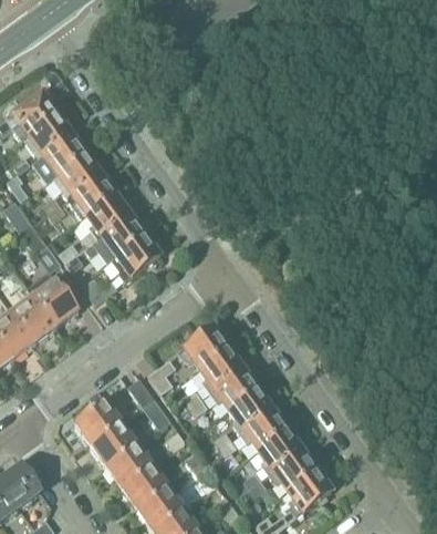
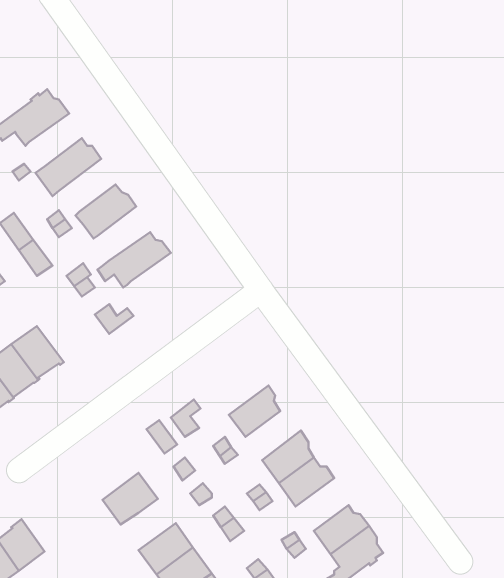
building: [27,113,73,158] -> none
building: [53,152,102,201] -> none
building: [81,193,132,247] -> none
building: [112,233,162,283] -> none
building: [28,269,80,327] -> none
building: [179,327,233,372] -> none
building: [214,369,261,411] -> none
building: [75,400,122,445] -> none
building: [257,427,302,472] -> none
building: [106,444,154,489] -> none

